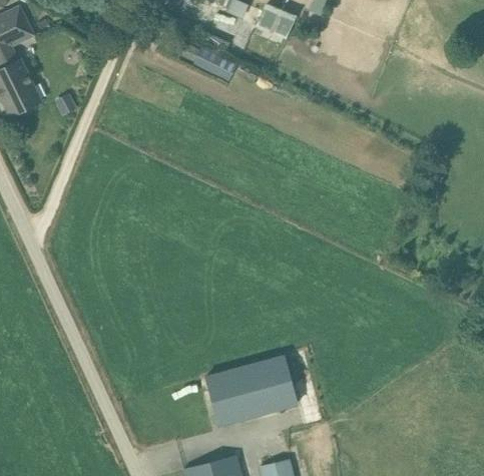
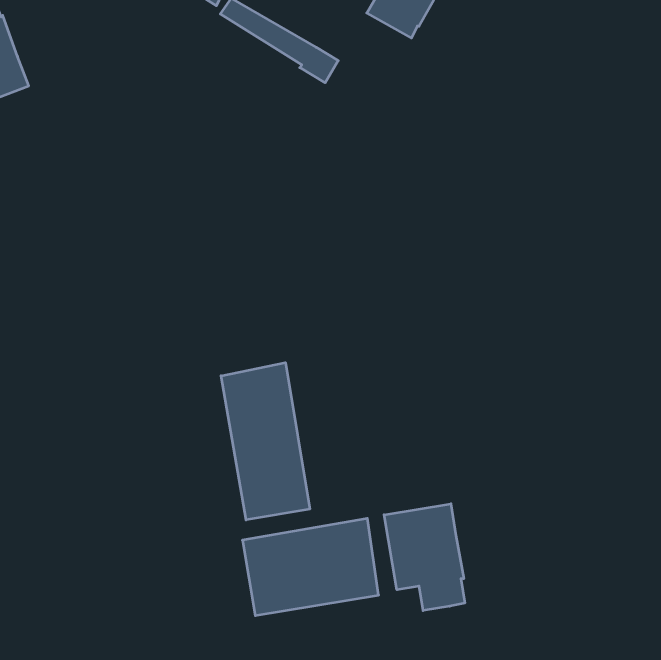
building: none -> [221,363,310,520]
building: none -> [384,504,465,611]

